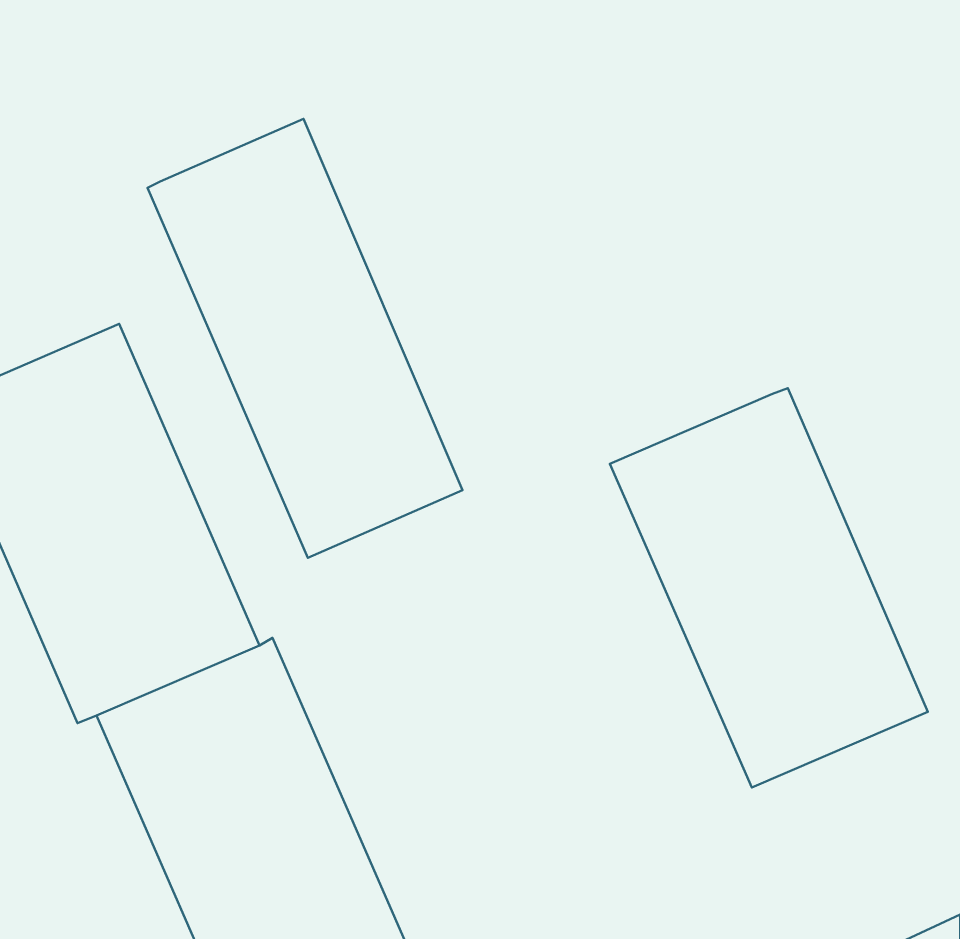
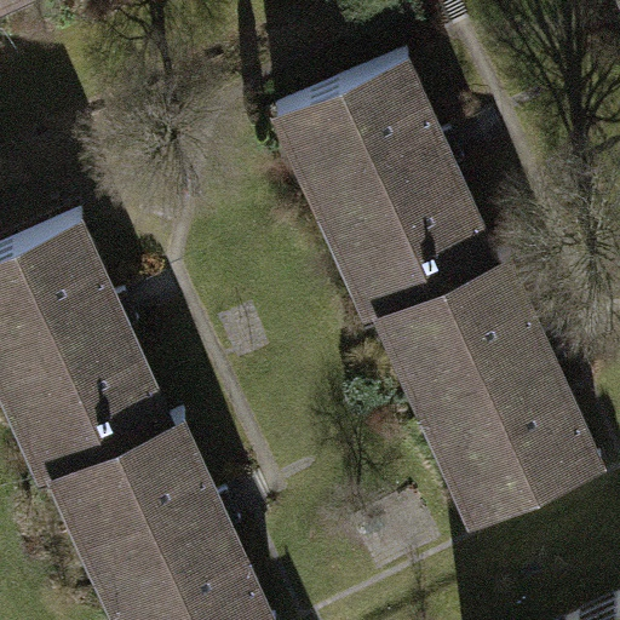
building: none -> [288,64,494,320]
building: [147,119,463,558] -> none

